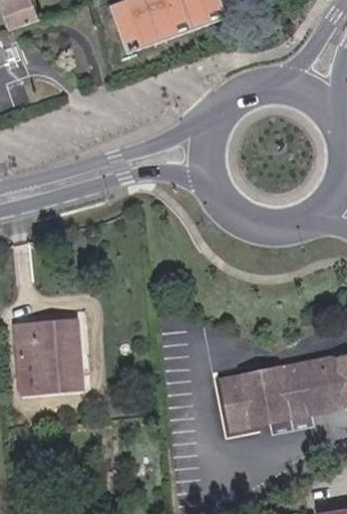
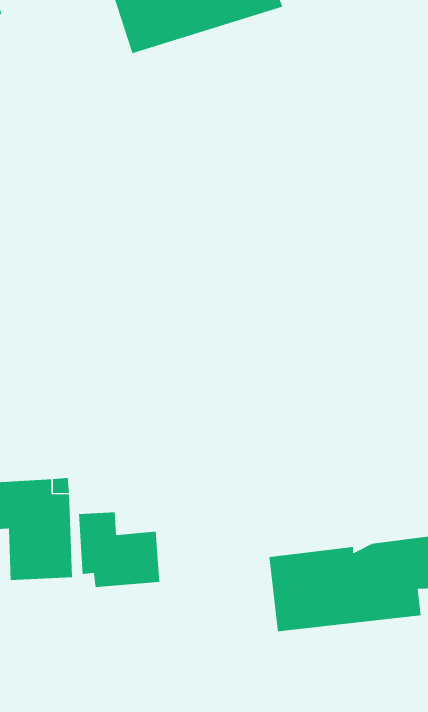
building: none -> [79,512,160,588]

